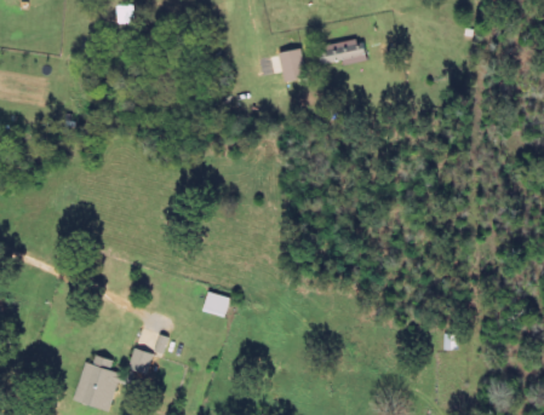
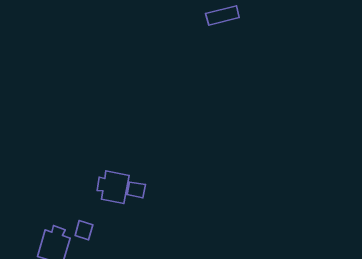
building: [277,47,305,81] -> none
building: none -> [97,171,129,203]

